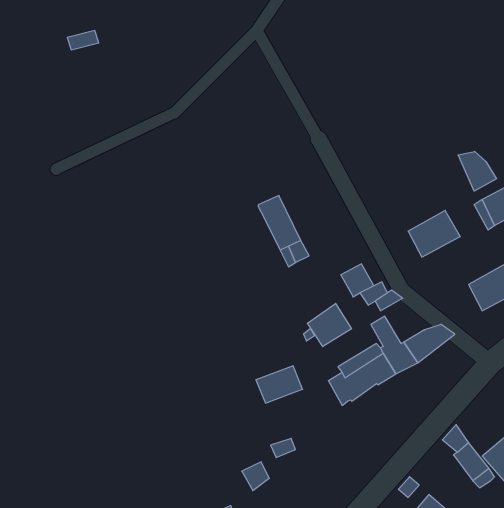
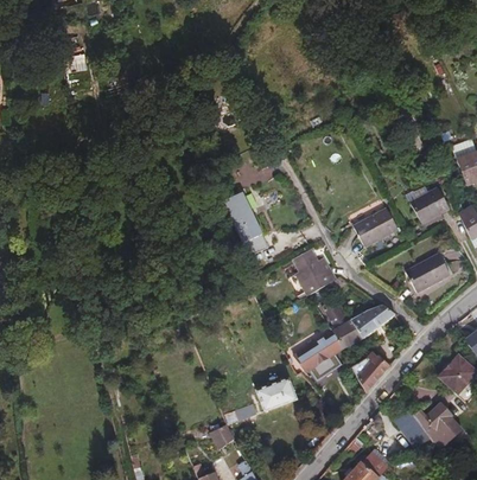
building: [458,151,497,191] -> none
building: [307,303,351,347] -> none
building: [256,366,303,403] -> [256,379,297,411]
building: none -> [351,352,390,392]

